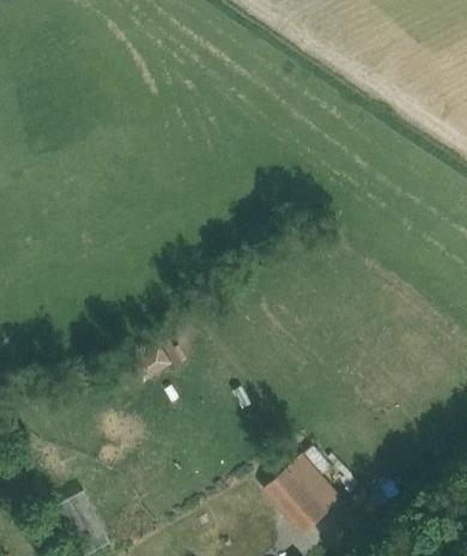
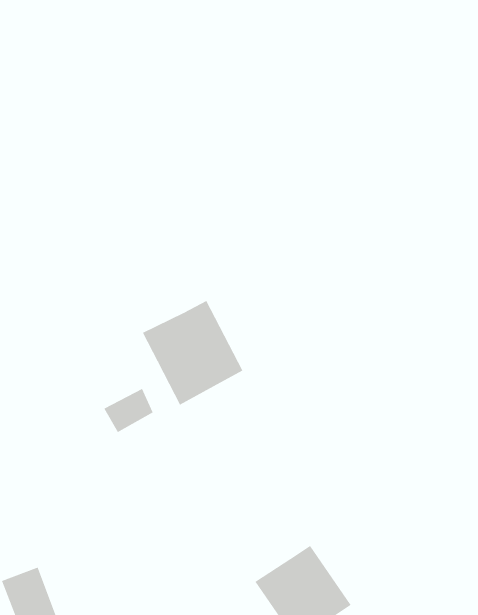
building: none -> [142,300,243,406]

